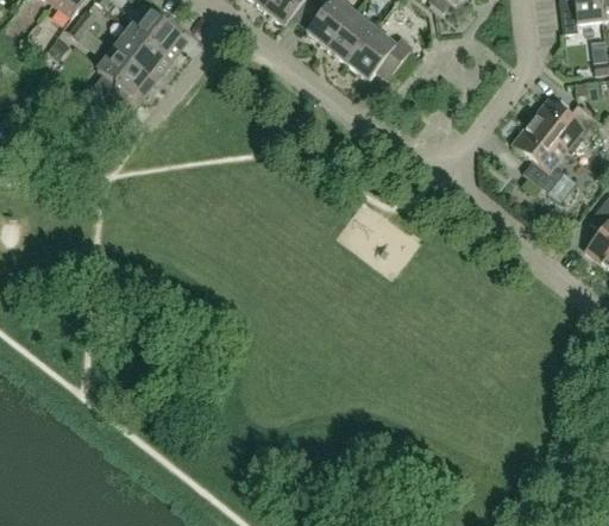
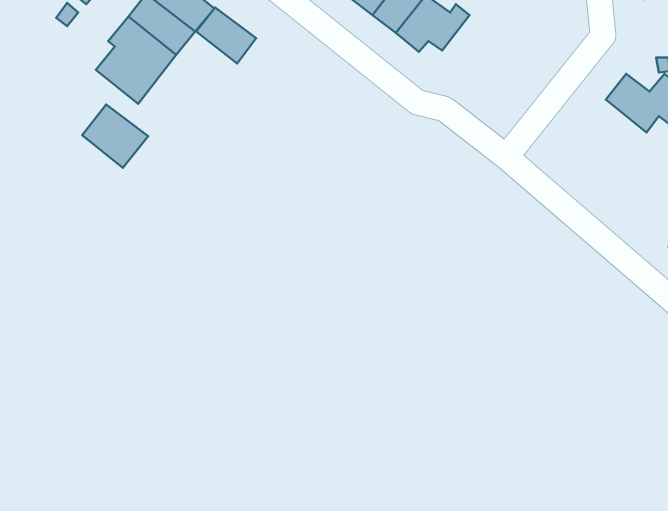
building: none -> [196,7,256,64]
building: [514,118,578,199] -> none
building: none -> [82,104,148,168]

